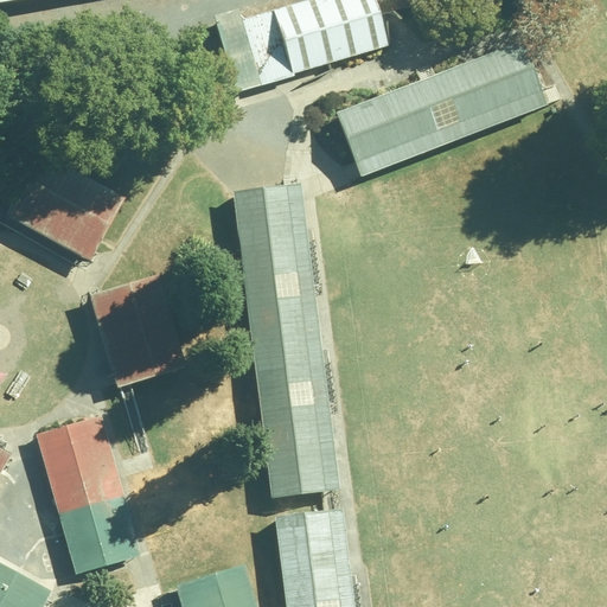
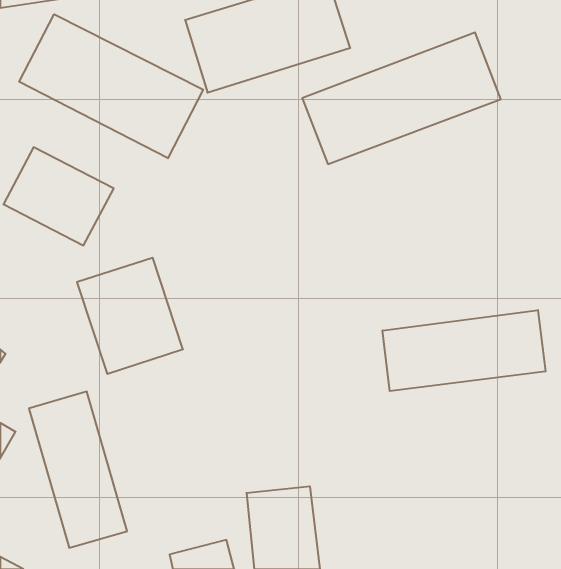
building: none -> [19,14,203,158]
building: [235,183,336,501] -> none
building: none -> [383,310,546,391]

